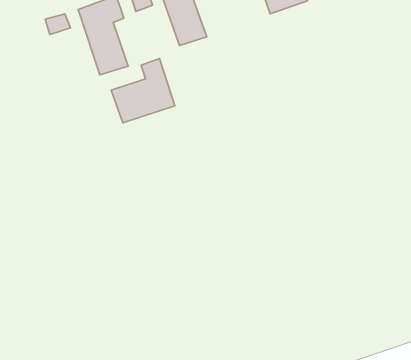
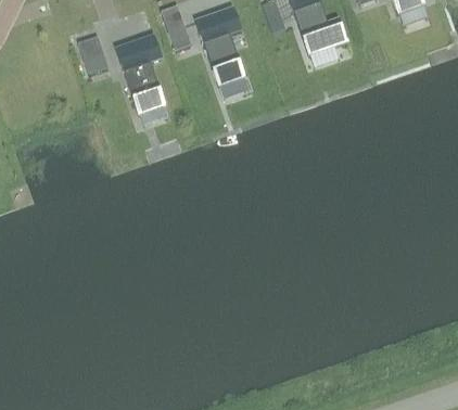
building: [111,58,175,123] -> none

